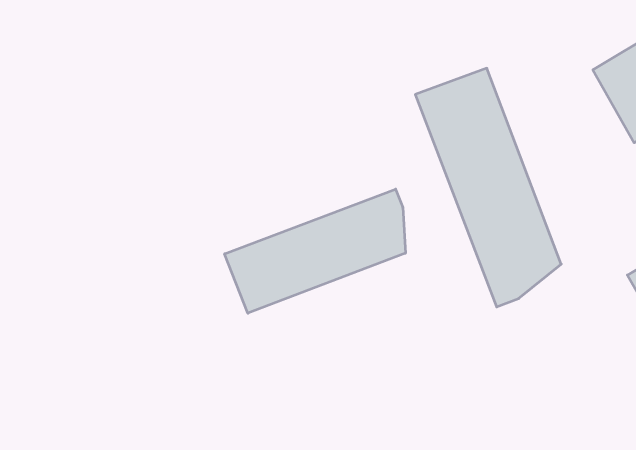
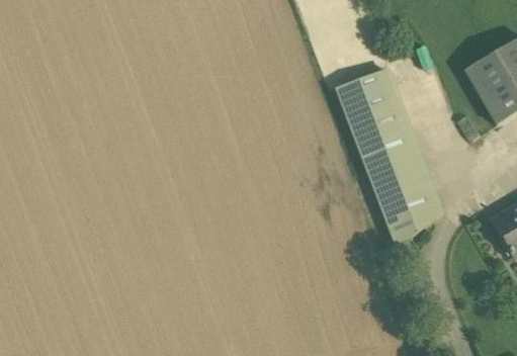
building: [225,189,405,313] -> none

